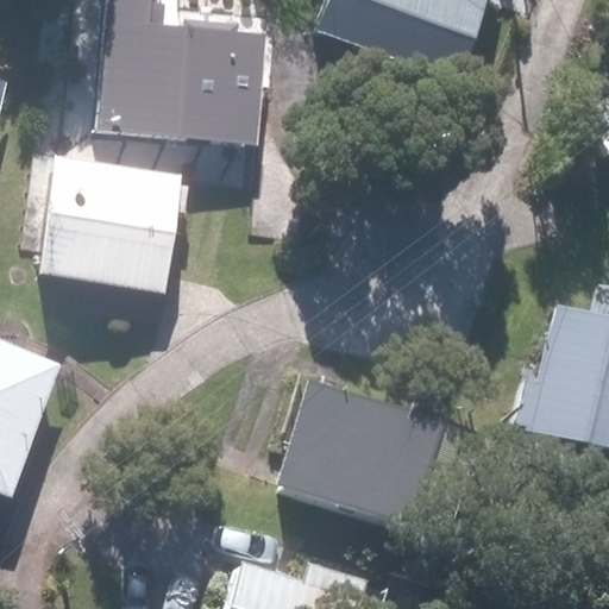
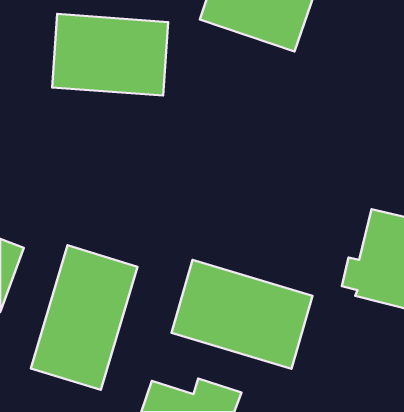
building: [39,155,180,285] -> none
building: none -> [31,245,138,390]

